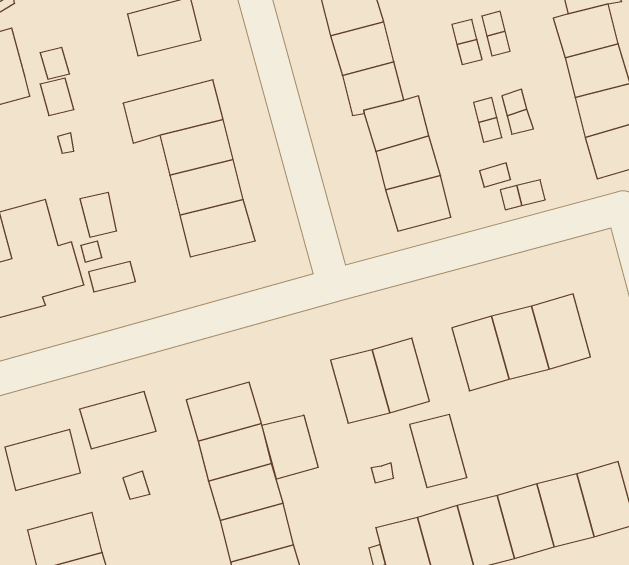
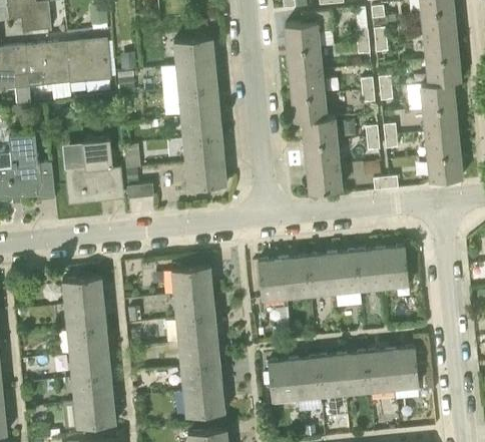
building: none -> [160,64,217,93]
building: [79,392,156,449] -> [64,303,106,331]
building: [410,414,467,488] -> [308,255,336,295]
building: [262,415,318,479] -> none

